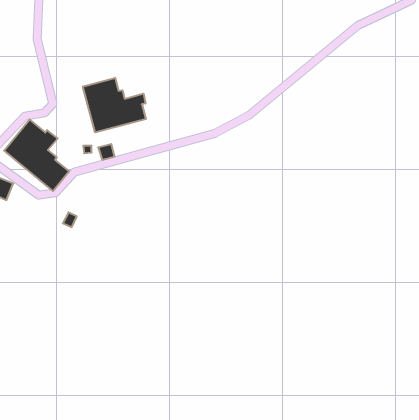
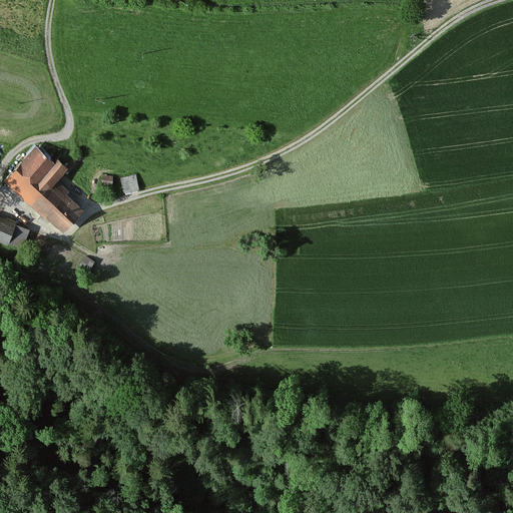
building: [83,78,146,132] -> none

